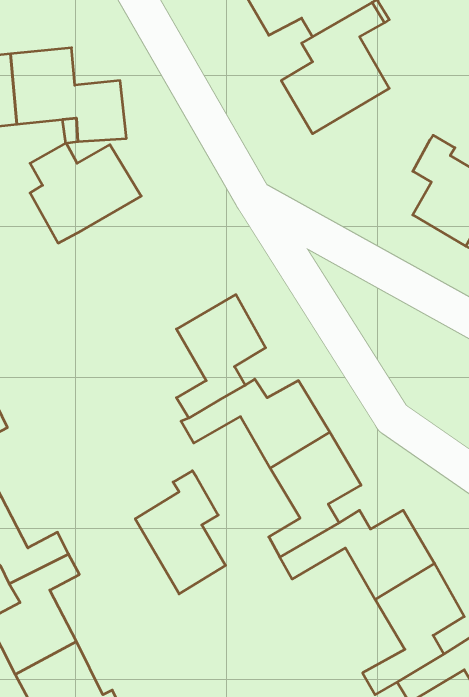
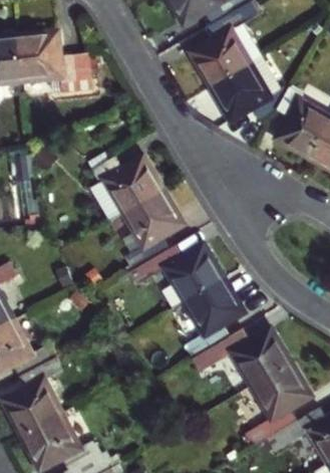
building: none -> [212,58,287,122]
building: [30,143,141,243] -> [91,157,162,221]
building: [135,471,226,594] -> none

